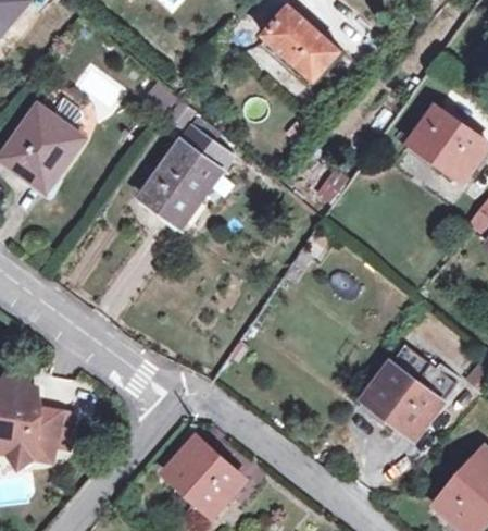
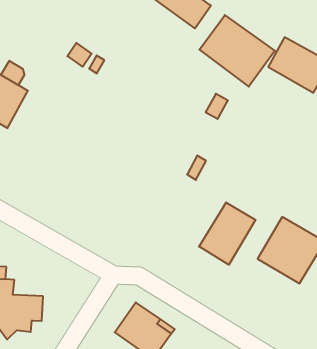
building: none -> [199,15,275,87]
building: [140,127,230,225] -> none
building: none -> [199,202,255,265]

